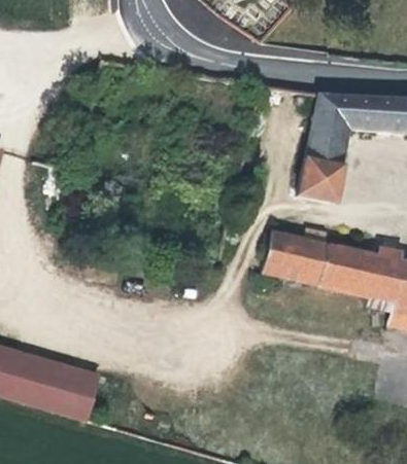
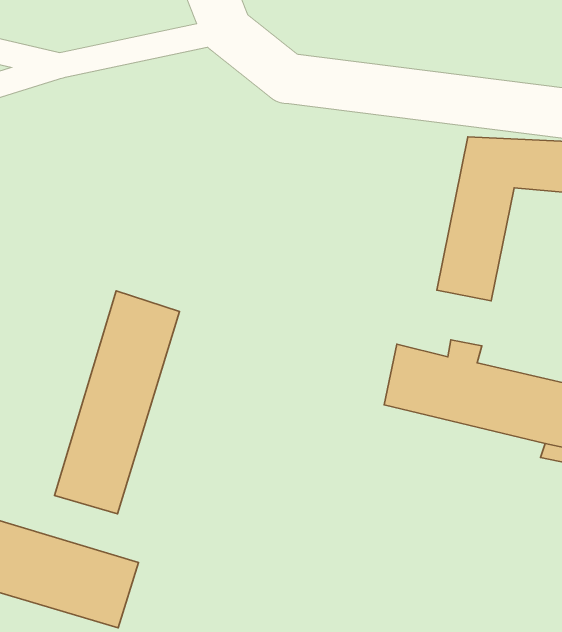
building: none -> [55,291,179,514]

